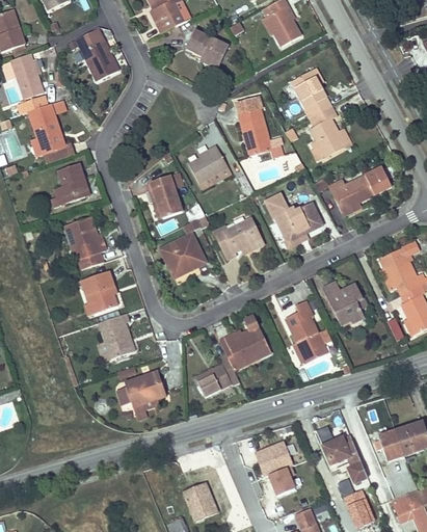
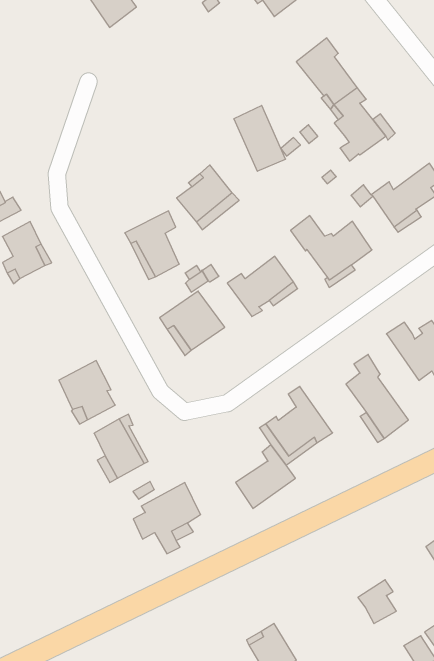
building: [186,29,229,69] -> none
building: [82,39,119,81] -> none
building: [65,217,106,269] -> none
building: [255,442,293,476] -> none

